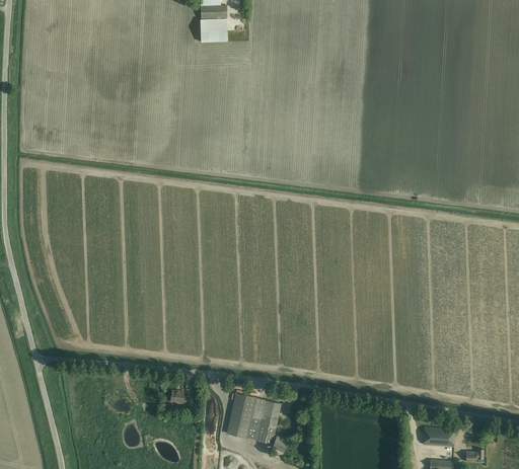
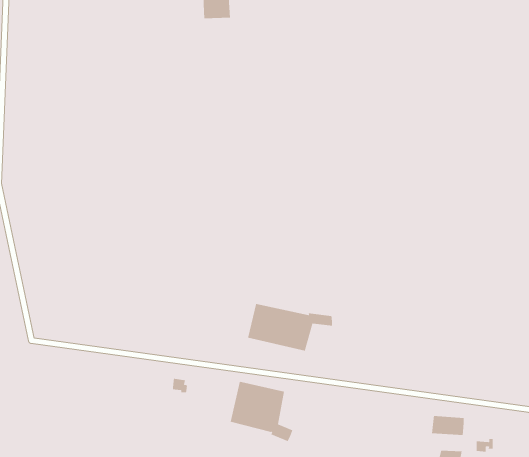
building: none -> [248,303,333,351]

